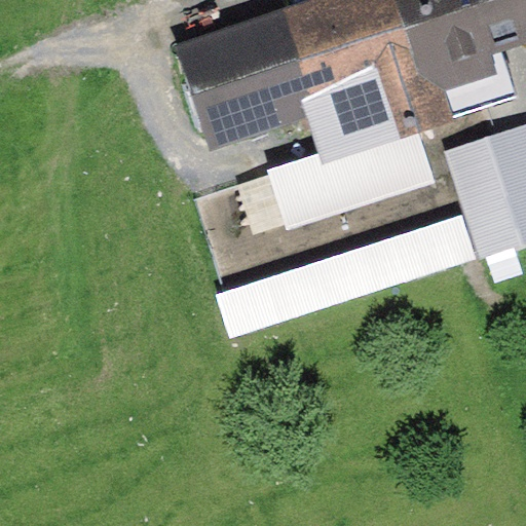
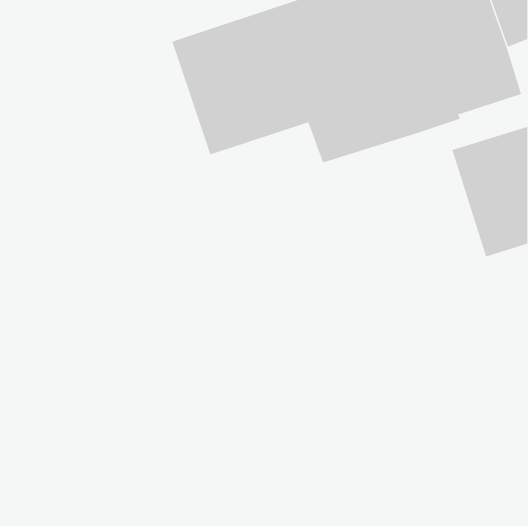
building: [271,132,435,227] -> none
building: [219,216,475,335] -> none

